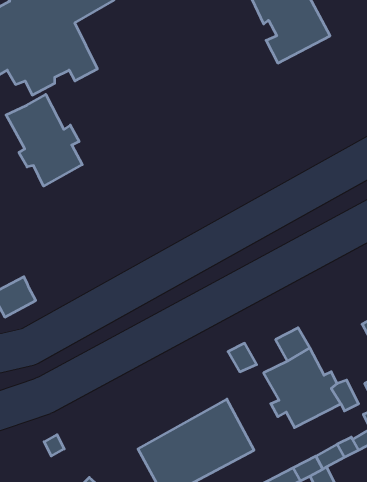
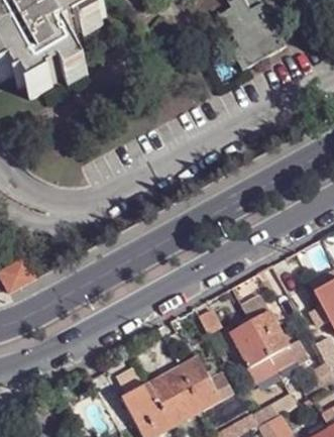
building: [6,94,82,186] -> none

